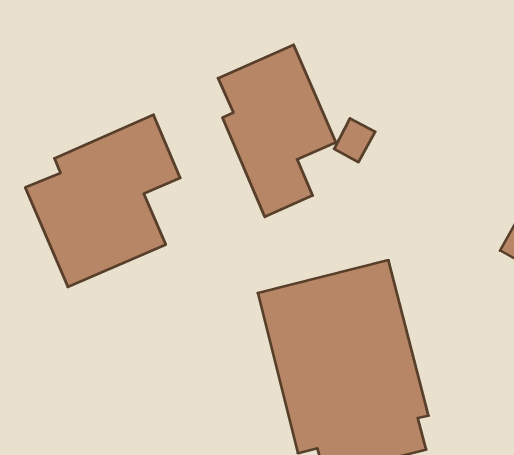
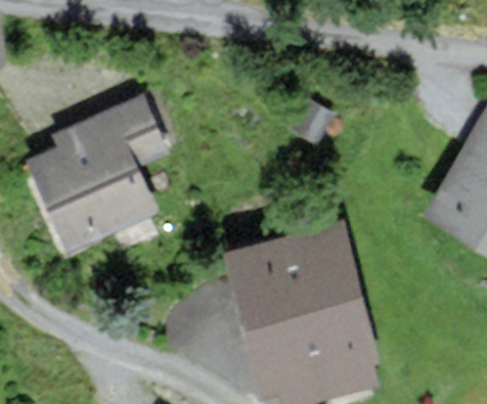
building: [218,45,336,217] -> none

